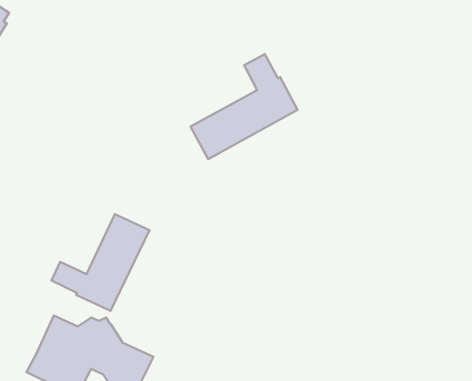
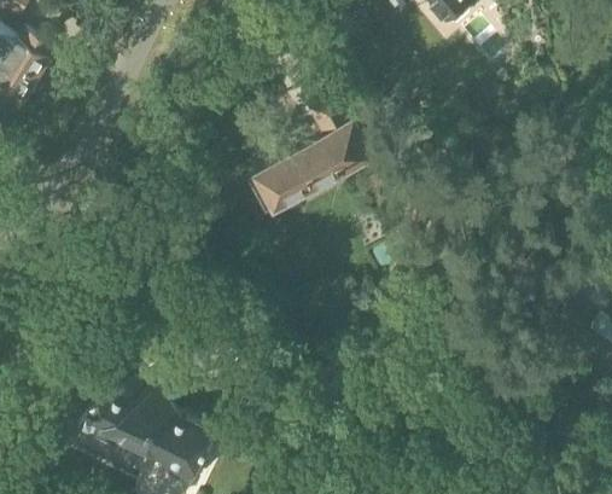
building: [52,214,149,311] -> none

